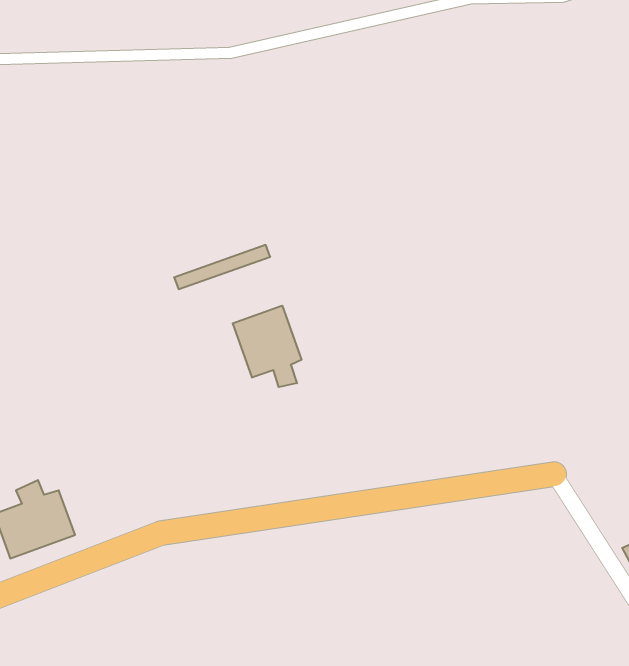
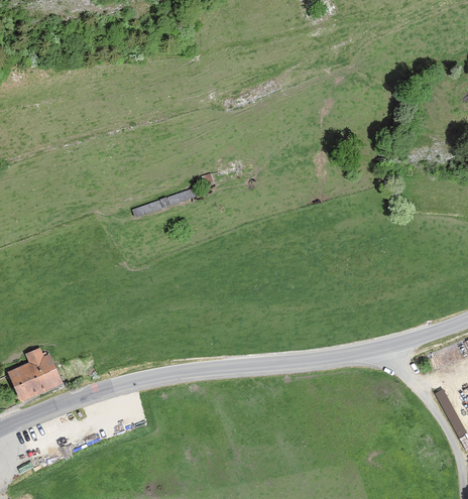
building: [233,306,301,387] -> none

